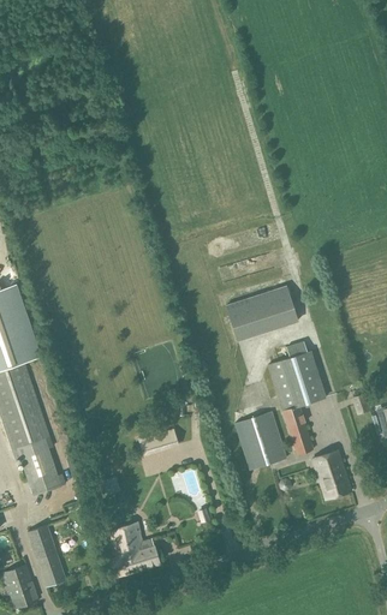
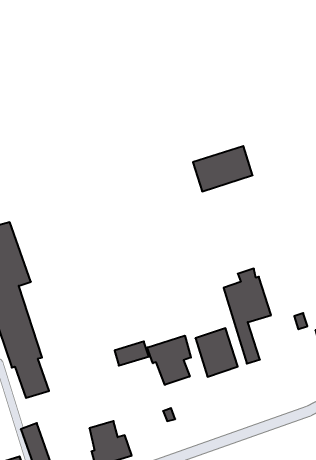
building: [227,286,298,340] -> [193,146,253,191]
building: none -> [147,336,191,385]
building: [312,450,352,498] -> none

